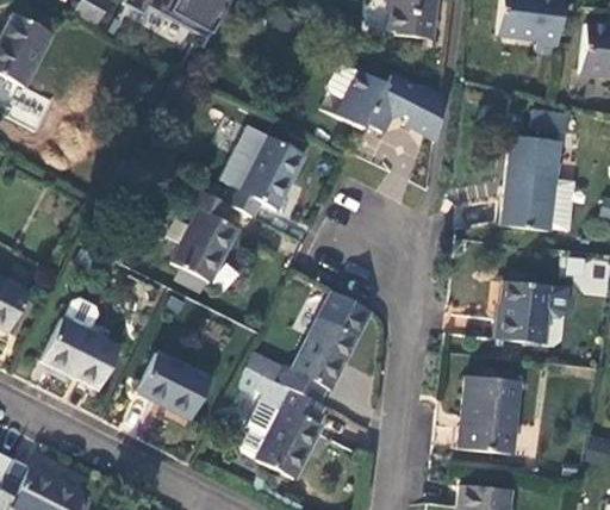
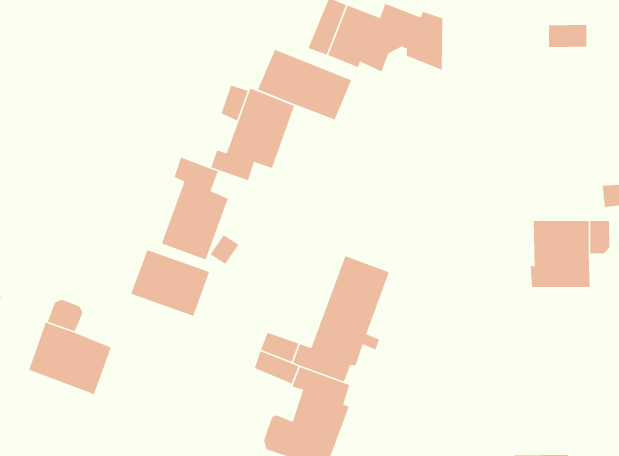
building: none -> [257,49,352,121]
building: [500,133,561,230] -> none
building: [138,353,211,417] -> [130,249,210,317]
building: [456,375,521,454] -> none

